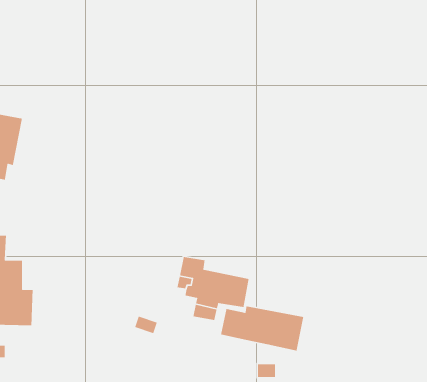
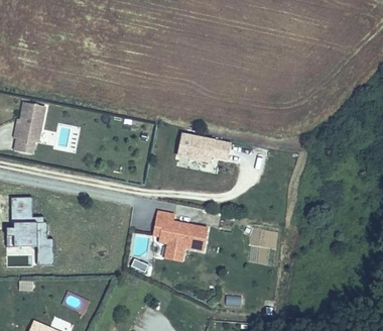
building: none -> [169,132,224,169]
building: [220,306,304,352] -> none

